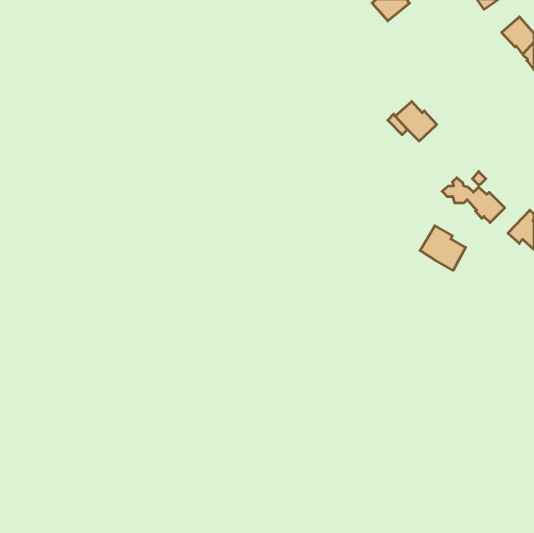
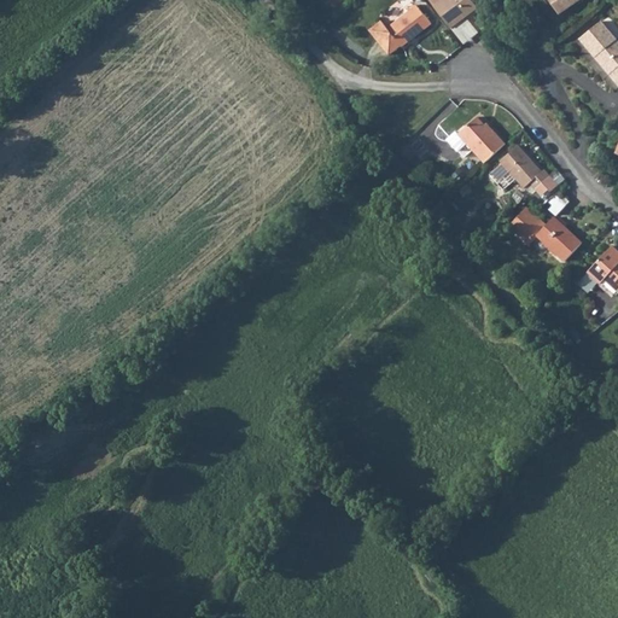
building: none -> [368,5,428,56]
building: none -> [490,145,559,193]
building: [420,226,466,270] -> none

